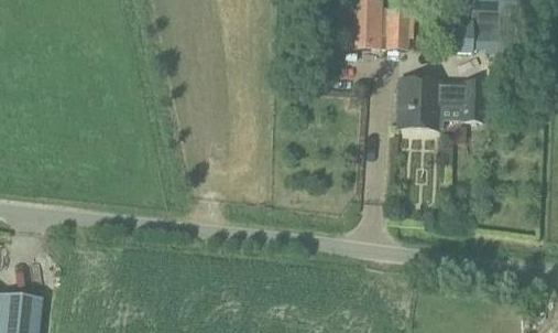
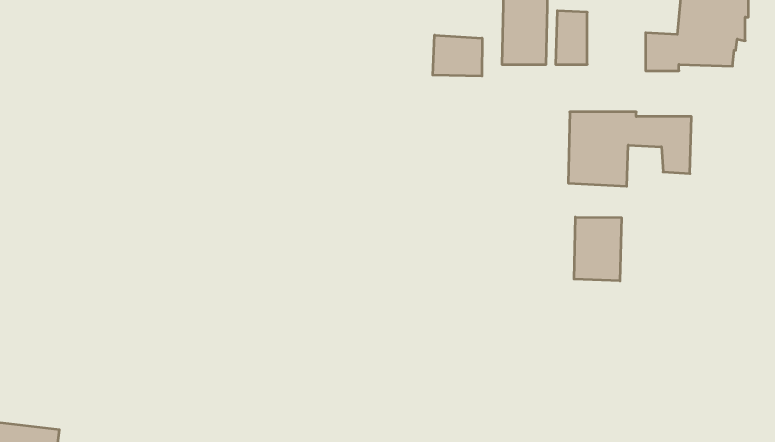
building: none -> [433,35,482,76]
building: none -> [574,217,621,281]

